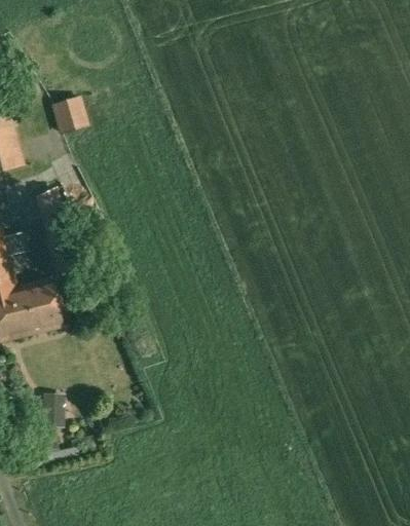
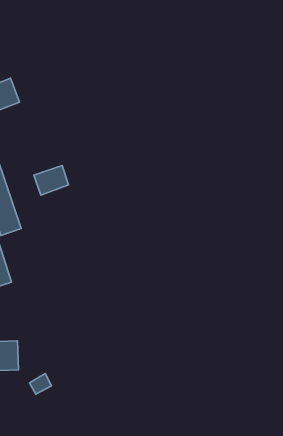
building: none -> [34,165,69,195]

